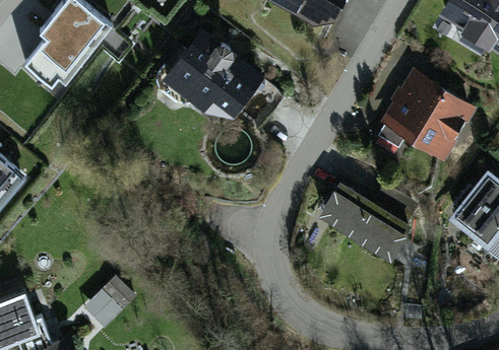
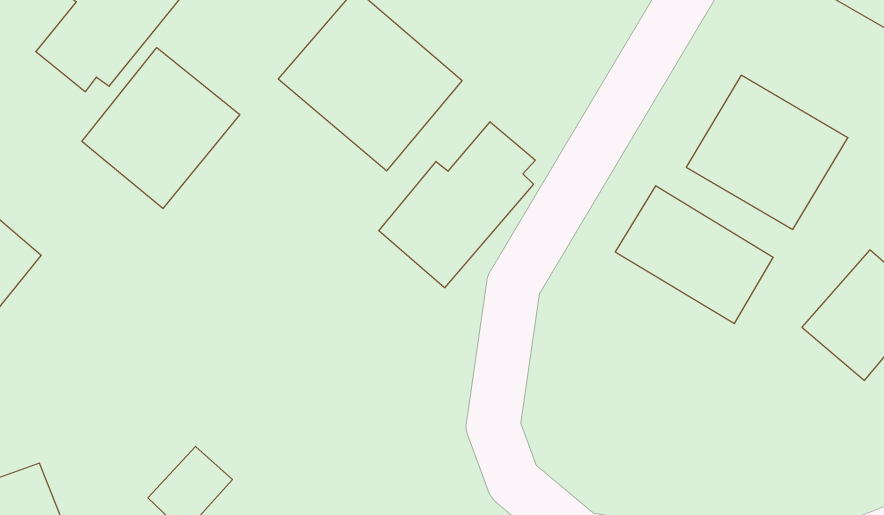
building: none -> [82,48,240,209]
building: none -> [379,122,535,288]
building: [320,188,408,264] -> [615,186,773,324]

